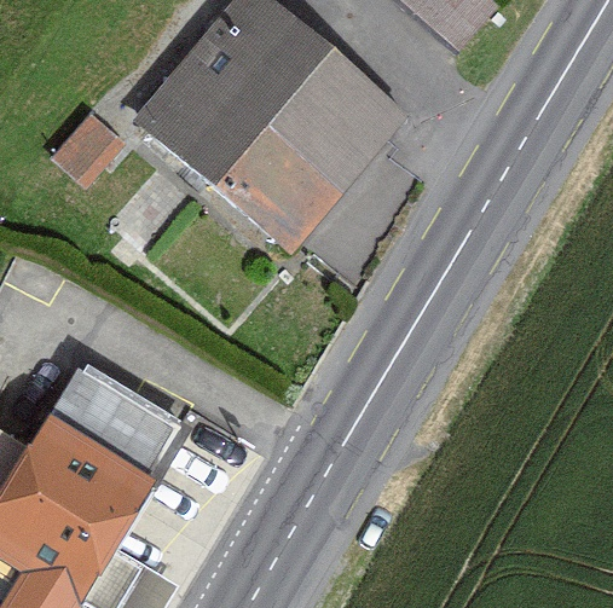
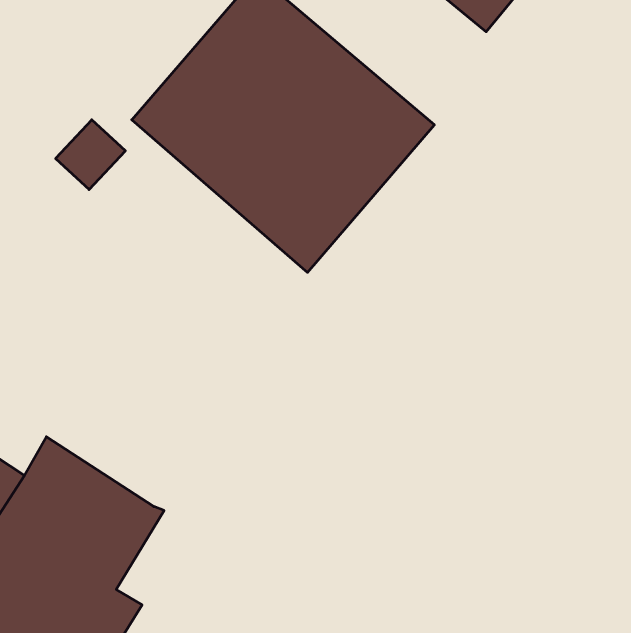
building: [50,363,181,476] -> none

